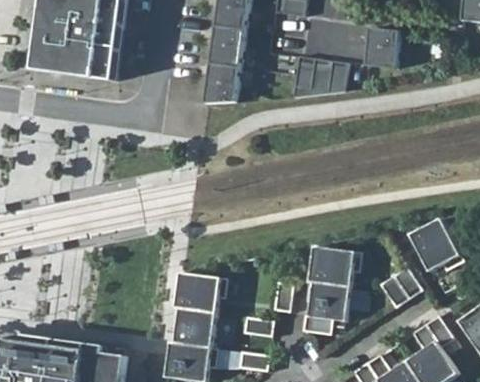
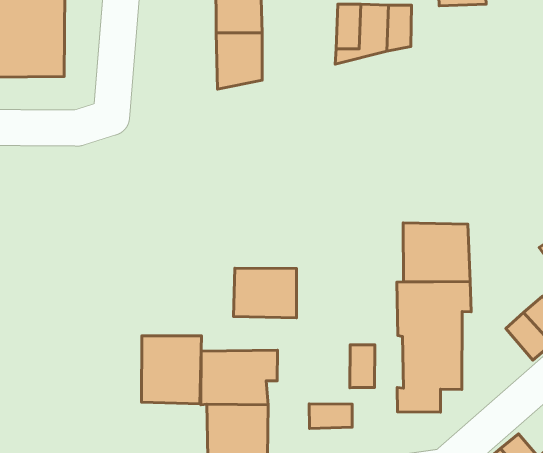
building: none -> [403,223,470,282]
building: none -> [234,268,297,318]
building: none -> [142,336,201,404]

